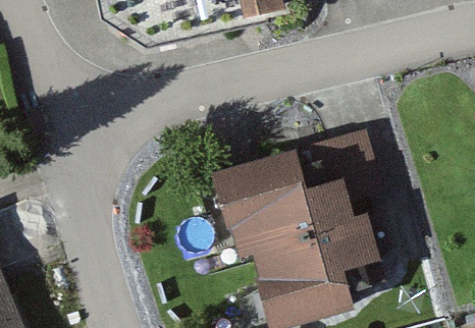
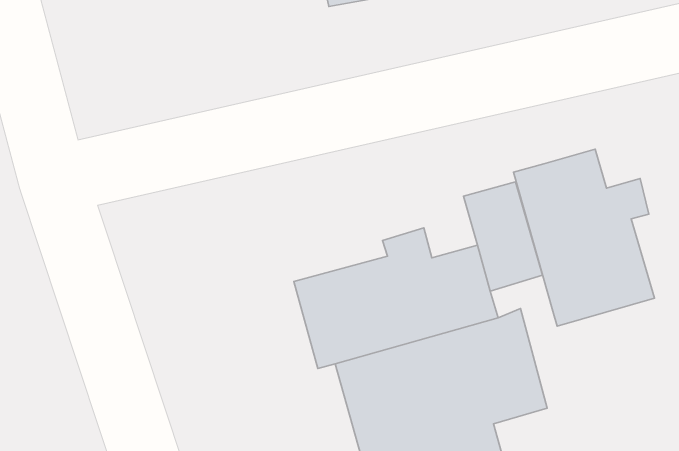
building: none -> [514,149,654,326]

